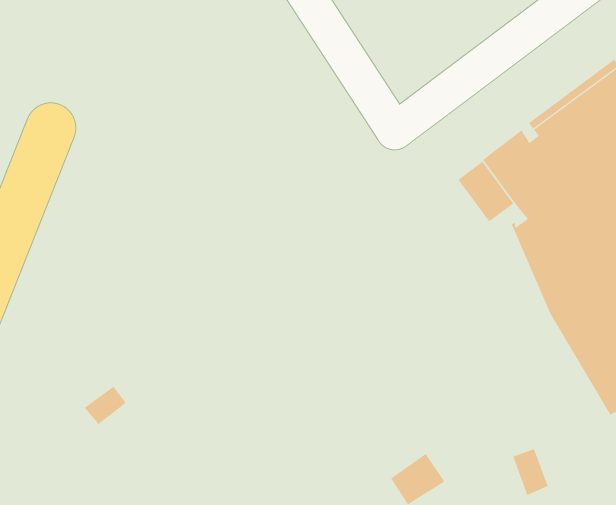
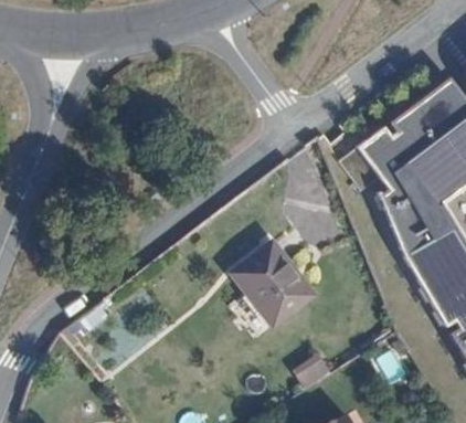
building: none -> [235,243,317,327]

